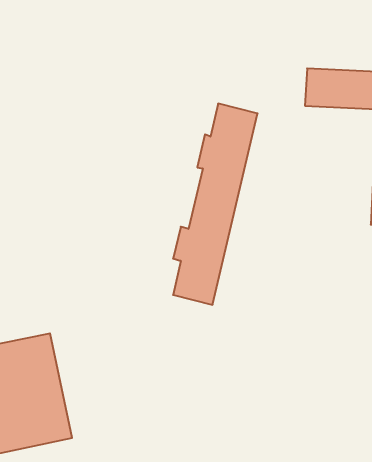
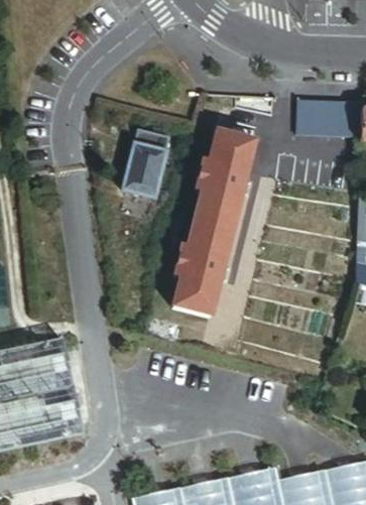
building: none -> [125,128,170,196]

